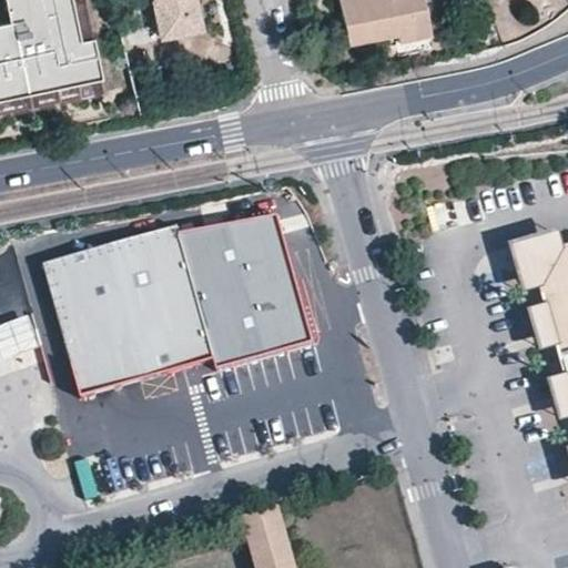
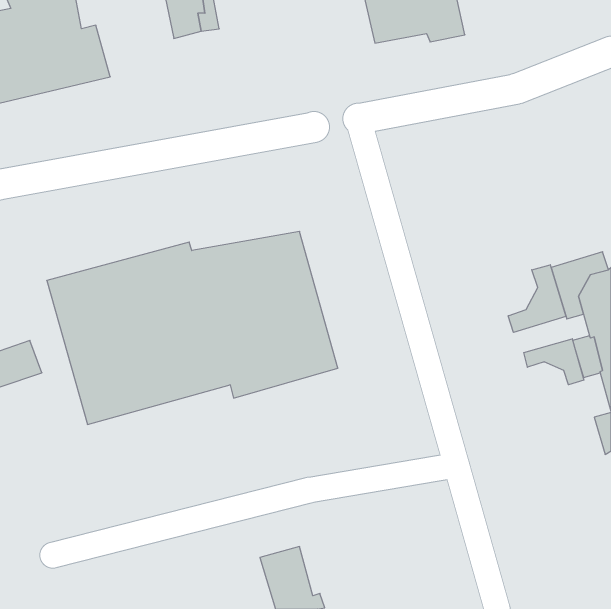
building: none -> [508,265,566,332]
building: none -> [524,339,584,385]

